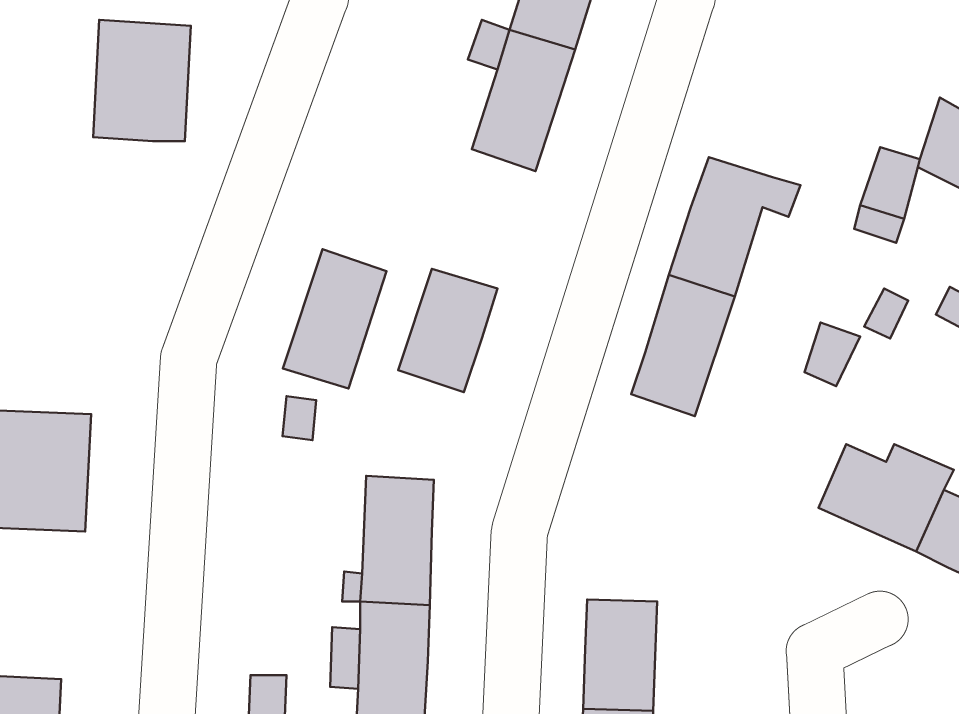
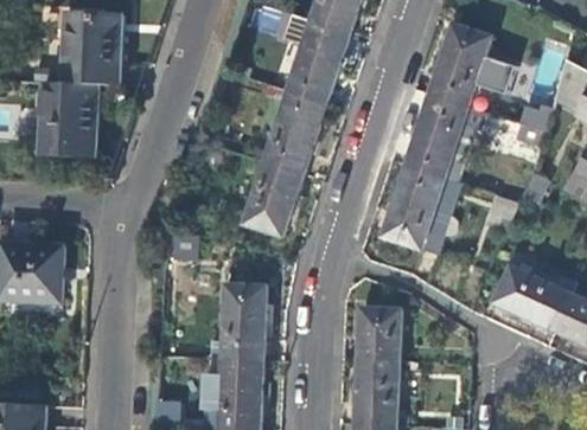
building: none -> [428,23,513,107]
building: none -> [40,83,97,155]
building: [283,249,386,389] -> [263,90,325,173]
building: none -> [420,178,459,253]
building: none -> [356,307,398,359]

